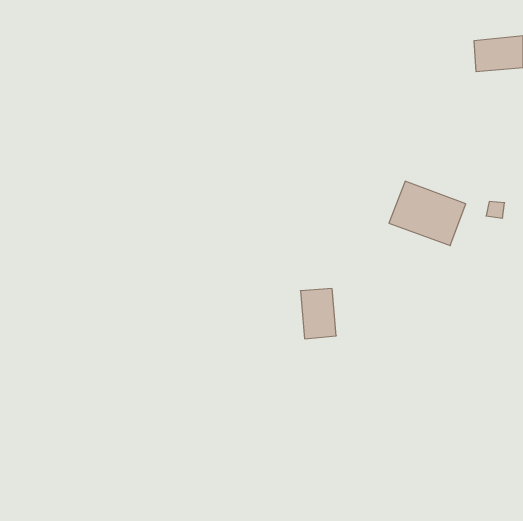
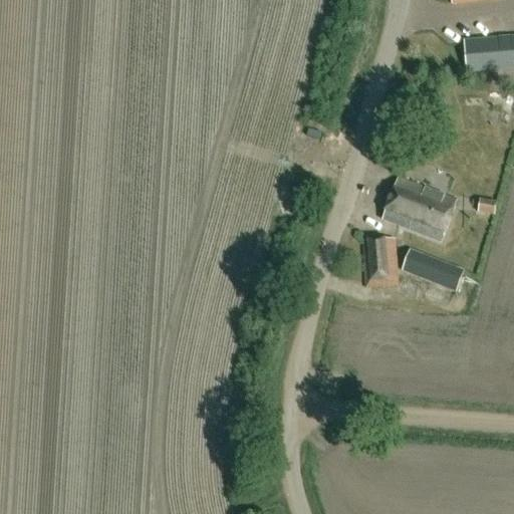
building: none -> [402,249,463,289]
building: [300,289,336,339] -> [362,237,398,286]

